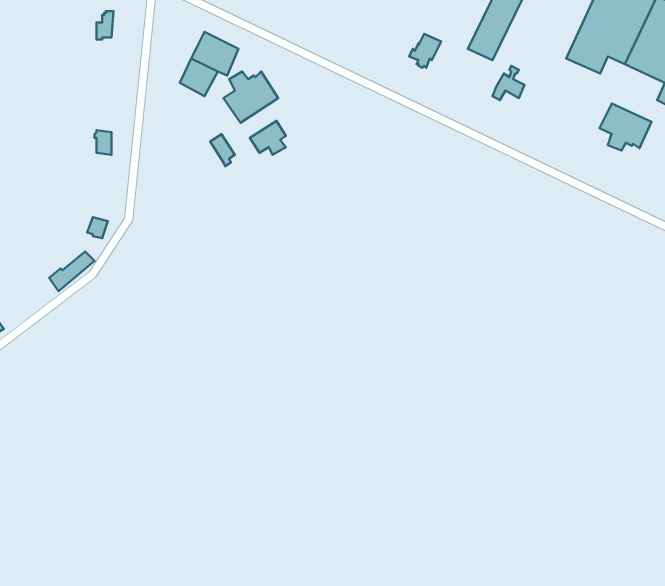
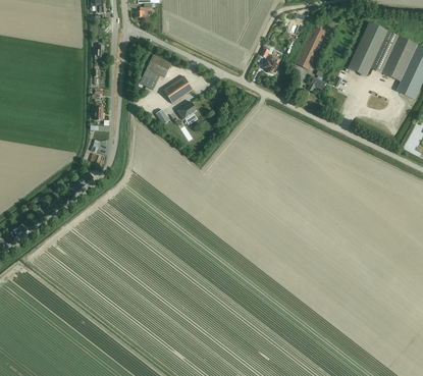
building: [600,104,651,151] -> none

